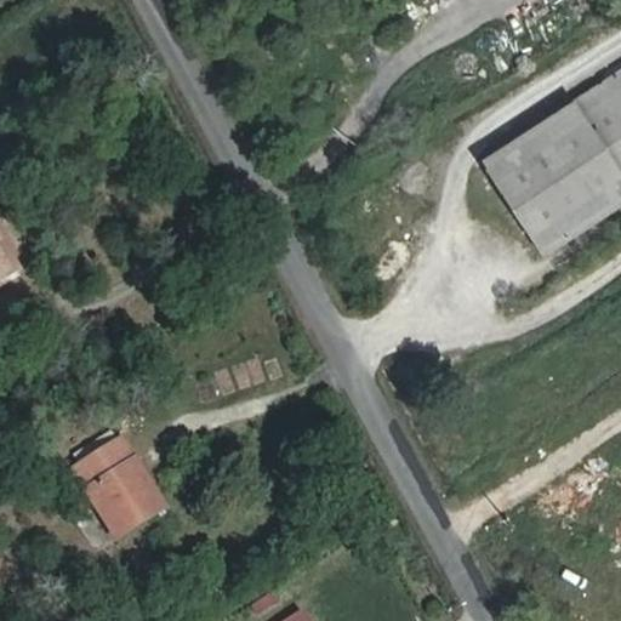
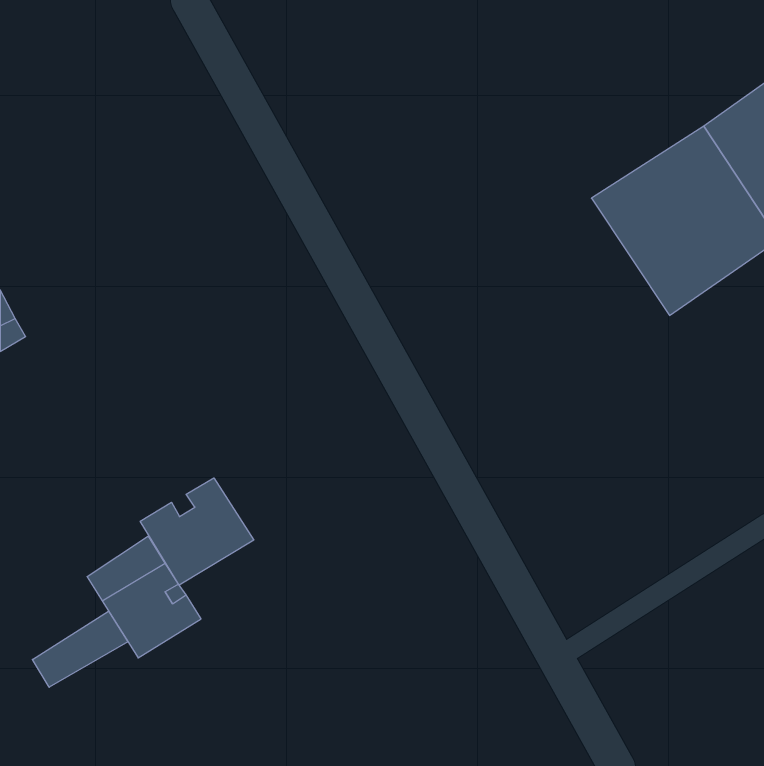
building: none -> [140,478,254,585]
building: none -> [32,611,128,687]

